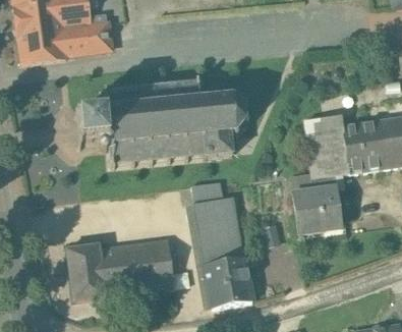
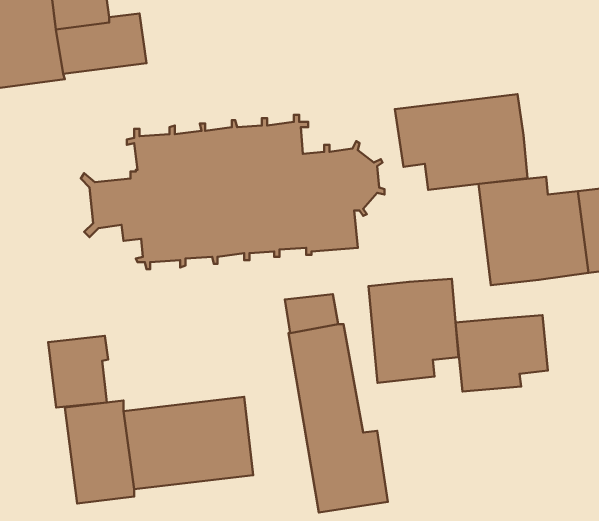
building: none -> [395,94,527,190]
building: none -> [369,279,458,383]
building: [310,173,340,196] -> none
building: none -> [48,336,108,408]

